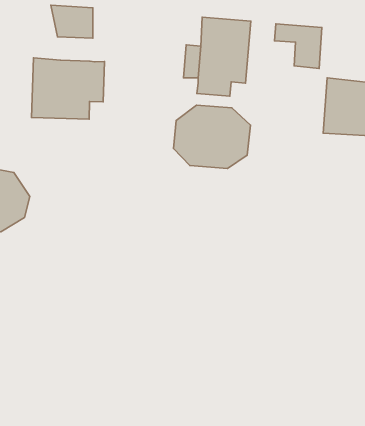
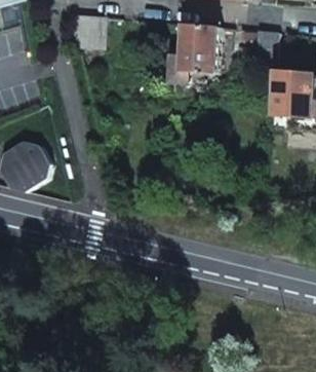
building: [31,58,105,119] -> none
building: [174,105,251,169] -> none

